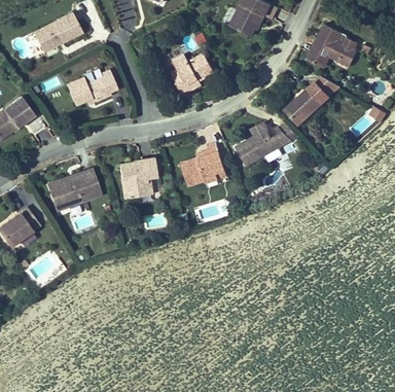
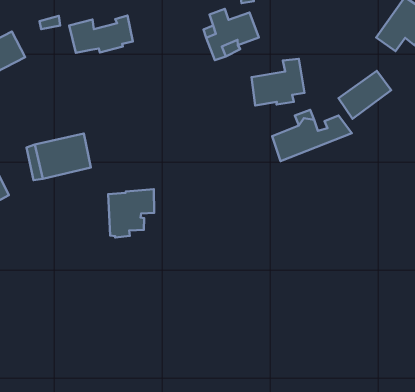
building: [182,144,225,185] -> [251,59,305,105]
building: [120,156,158,199] -> [108,189,154,237]

